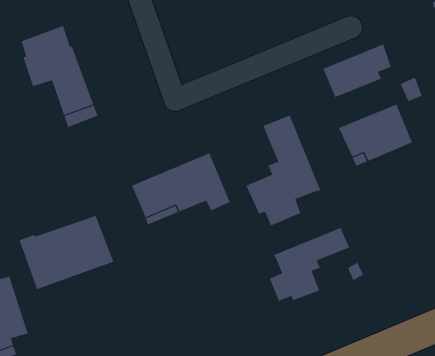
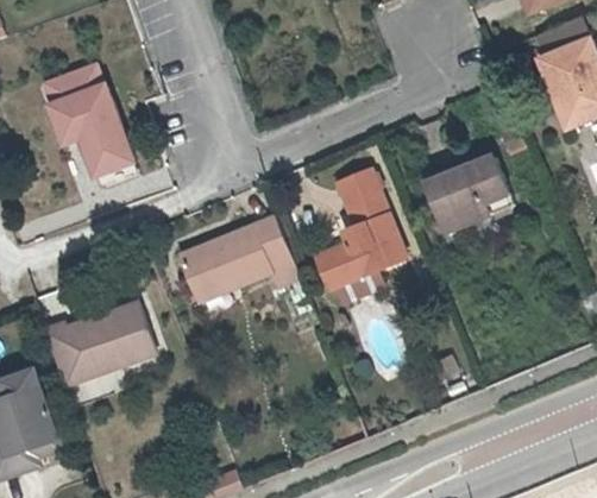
building: [323,44,391,98] -> none
building: [269,227,350,302] -> none

